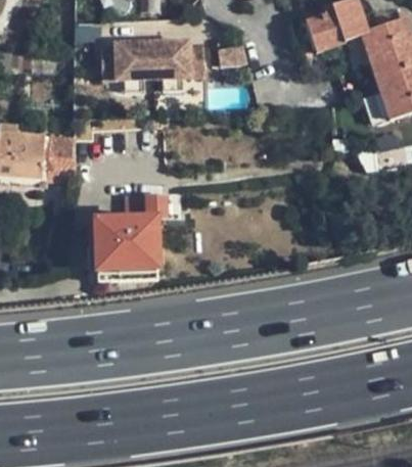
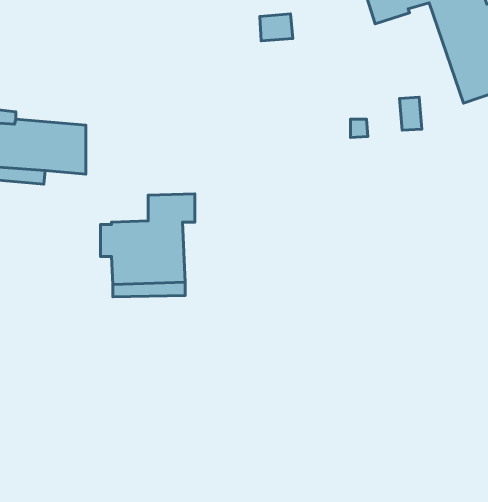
building: [101,38,207,78] -> none

